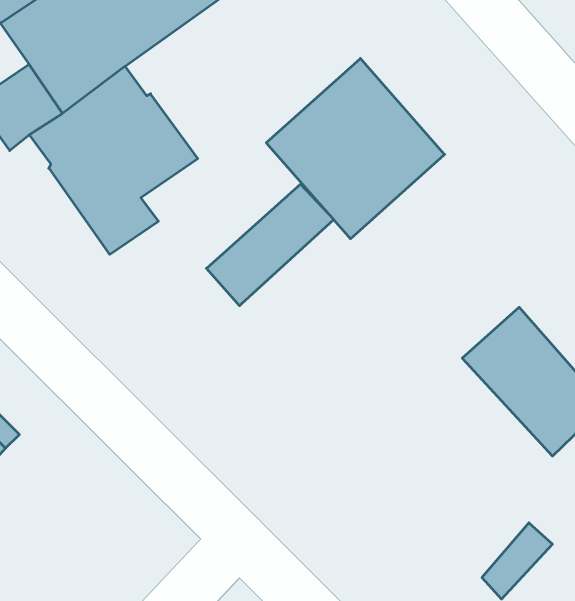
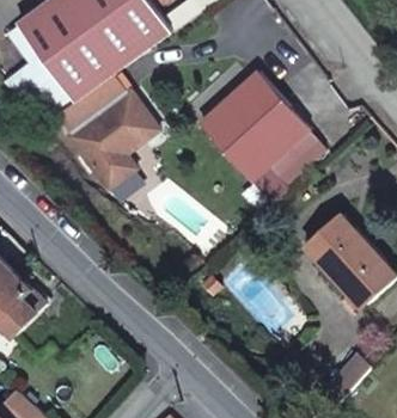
building: [206,184,334,306] -> [246,130,324,204]

